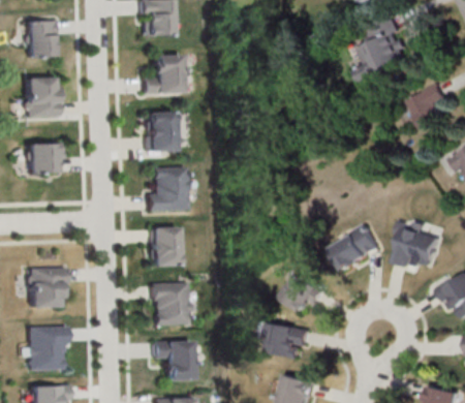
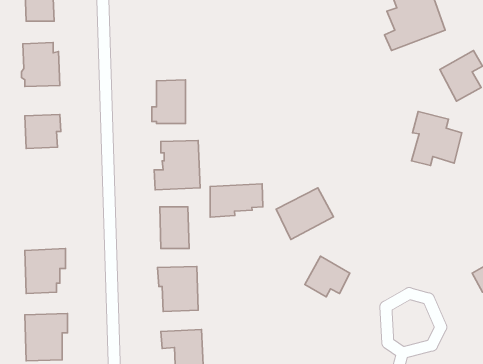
building: [144,54,182,94] -> none
building: none -> [210,184,263,217]
building: [394,218,440,268] -> [411,111,462,165]
building: [331,224,383,272] -> [276,188,334,239]
building: [267,322,310,359] -> none

